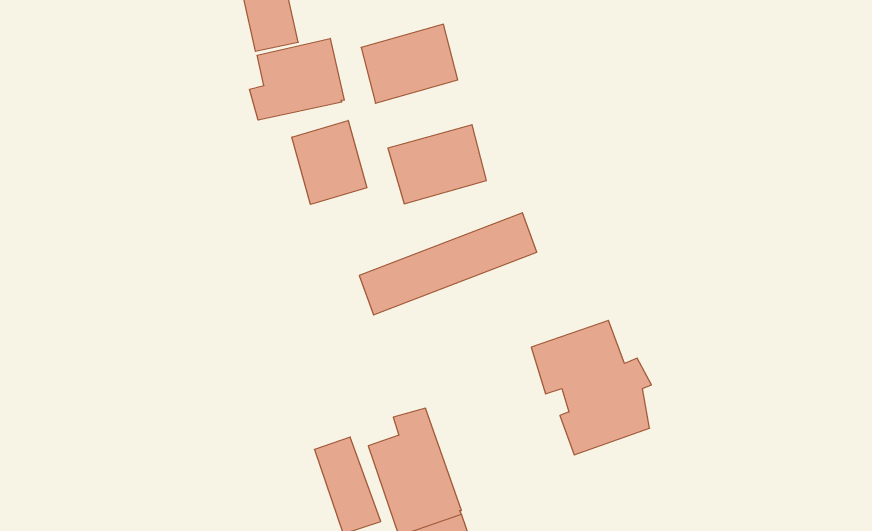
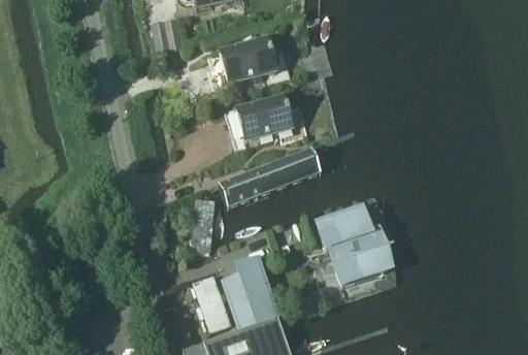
building: [250,38,344,120] -> none
building: [292,120,367,204] -> none
building: none -> [191,202,217,254]

